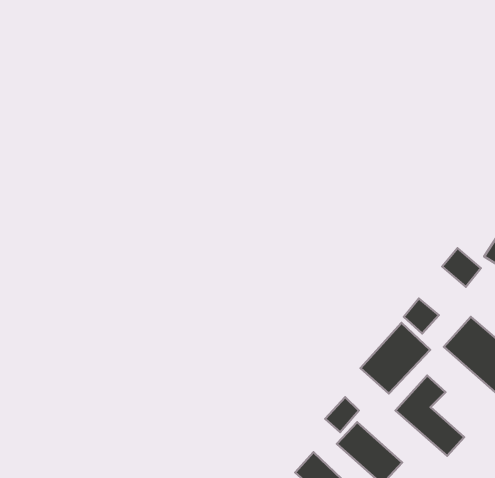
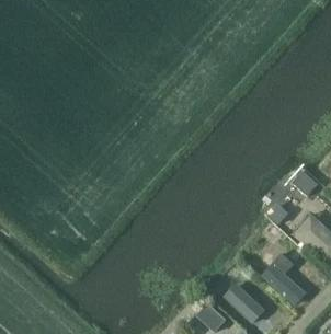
building: [361,323,430,394] -> none

